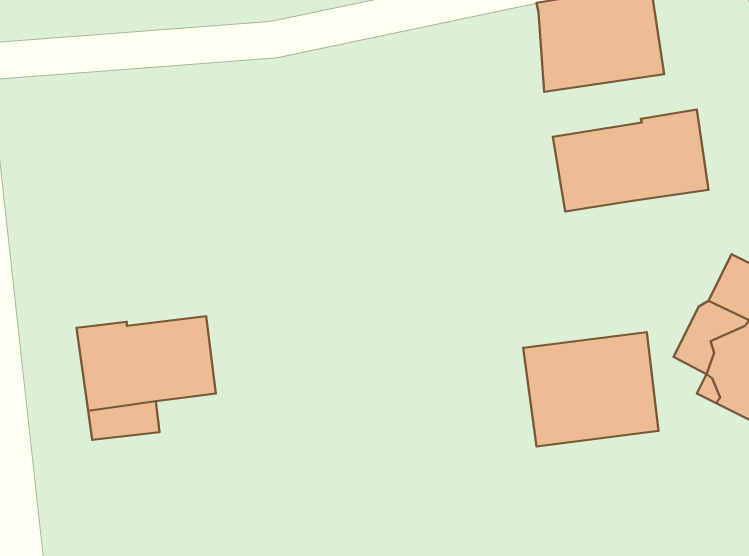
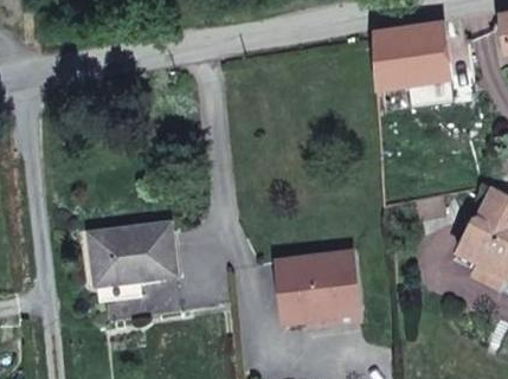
building: [553,109,709,211] -> none
building: [523,332,658,446] -> [276,251,359,321]

